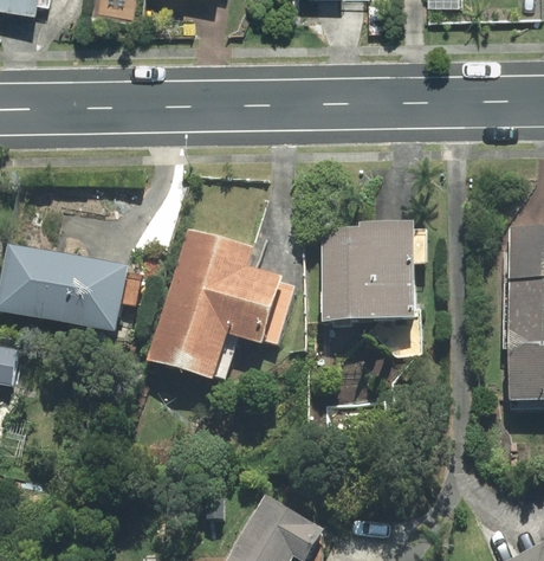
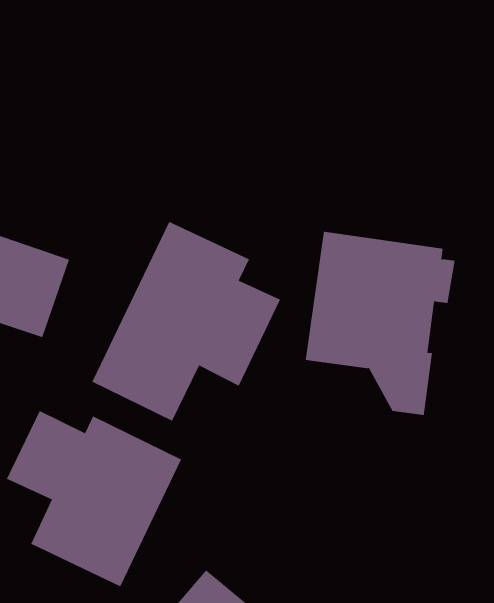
building: none -> [6,410,182,587]

